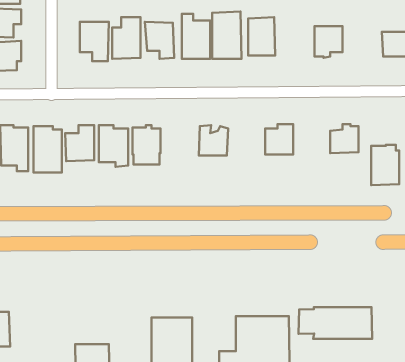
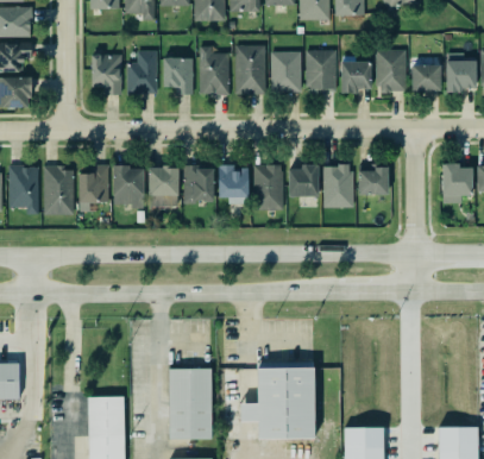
building: none -> [306,49,337,88]
building: none -> [378,50,408,93]
building: none -> [256,165,284,210]
building: none -> [183,166,214,202]
building: [371,145,399,185] -> [323,164,353,207]
building: [299,307,372,339] -> none

